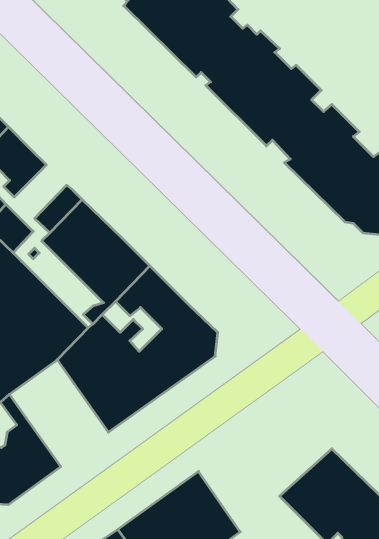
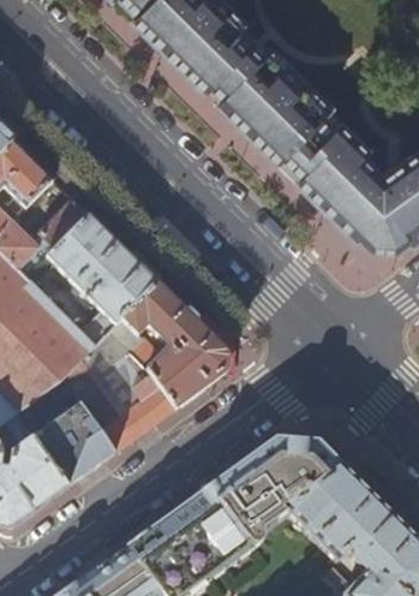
building: none -> [32,400,115,484]
building: none -> [206,436,341,550]

